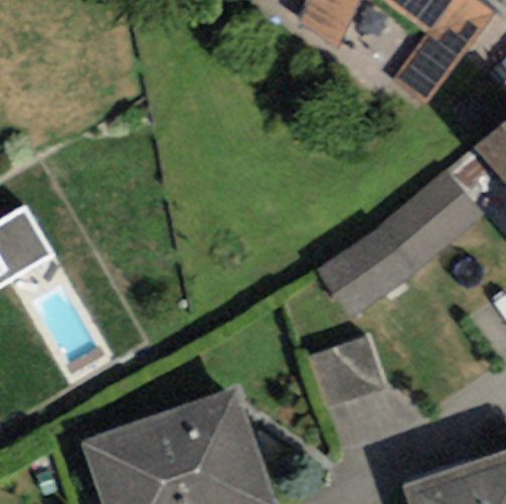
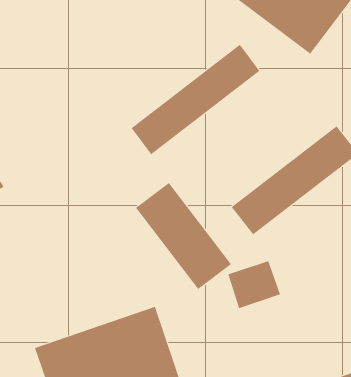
building: none -> [131,44,260,155]
building: none -> [135,182,232,290]

